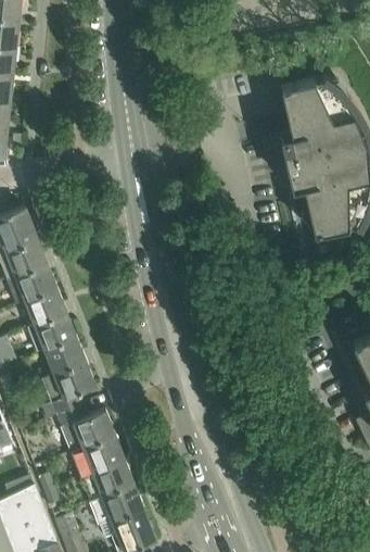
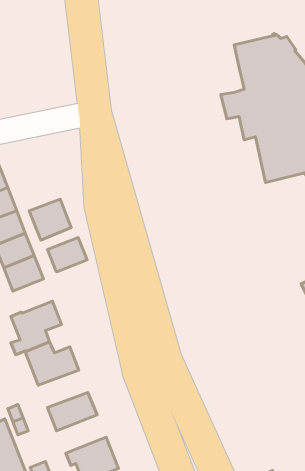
building: none -> [29,199,71,240]
building: [43,337,86,374] -> [48,237,87,272]
building: [71,435,124,475] -> none
building: [90,482,143,524] -> none

